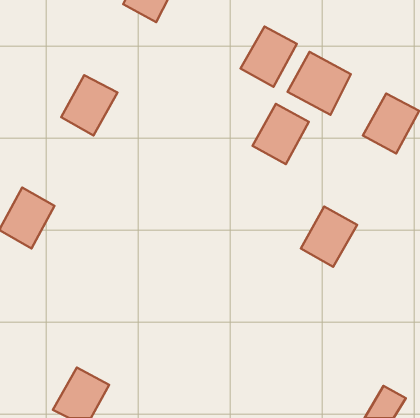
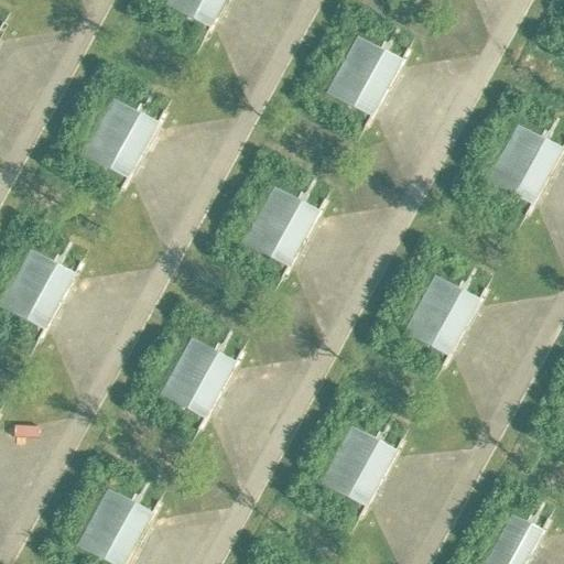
building: [288,52,351,115] -> none
building: [253,104,309,164] -> [241,186,316,267]
building: none -> [159,336,234,417]
building: none -> [322,426,395,507]

